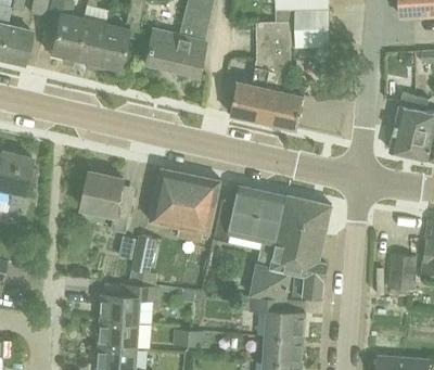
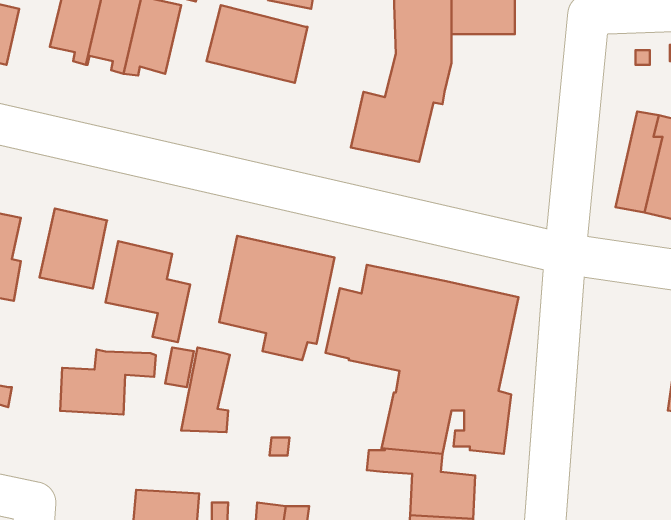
building: [271,81,306,129] -> none
building: none -> [40,208,107,288]
building: [388,254,417,290] -> none
building: [101,284,158,323] -> [60,350,156,415]

